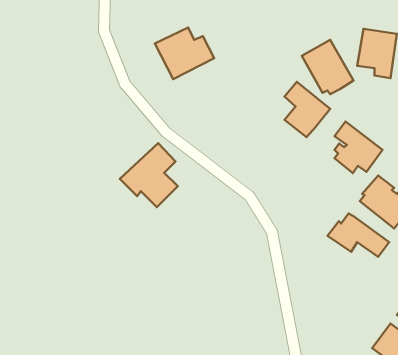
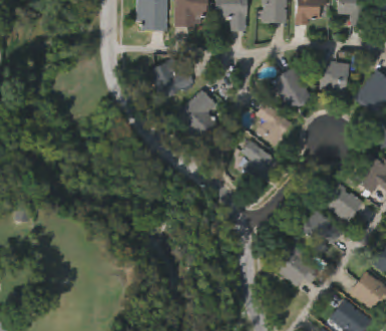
building: [334,121,383,173] -> [239,138,278,181]
building: [120,143,178,207] -> [175,88,223,140]
building: none -> [272,243,320,286]

